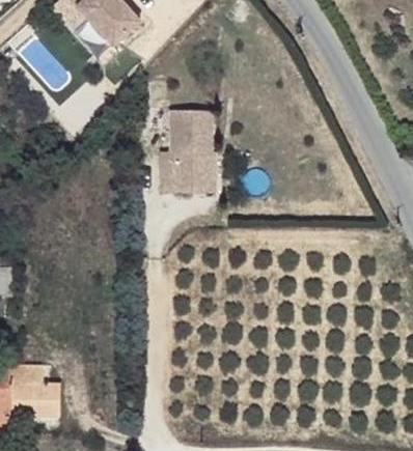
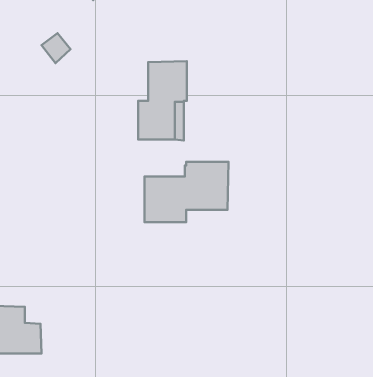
building: none -> [145,162,229,222]

